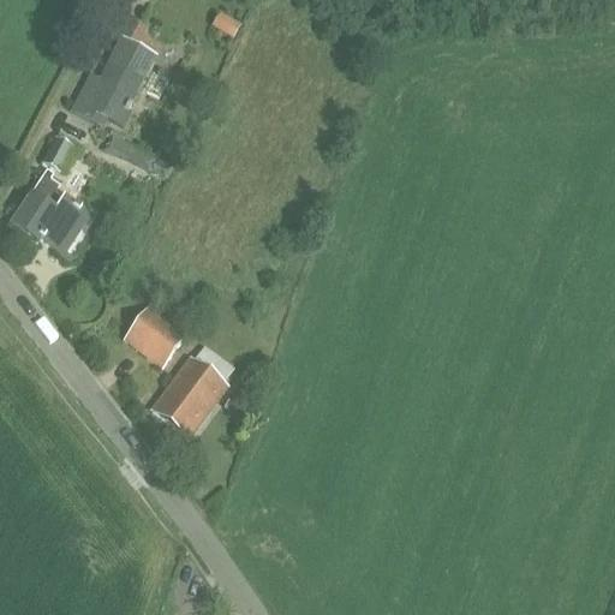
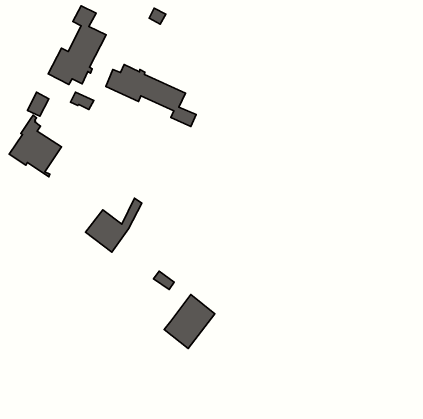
building: none -> [106,65,196,127]
building: [154,357,227,435] -> [164,295,215,349]

